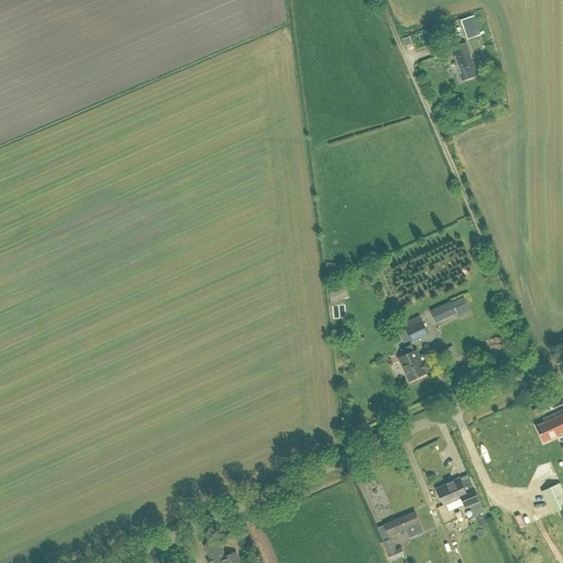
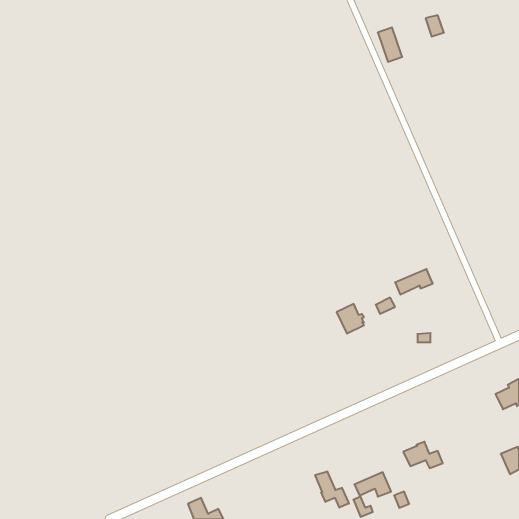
building: [451,43,477,80] -> [378,27,402,62]
building: [398,350,428,382] -> [337,304,364,333]
building: none -> [315,471,349,508]

